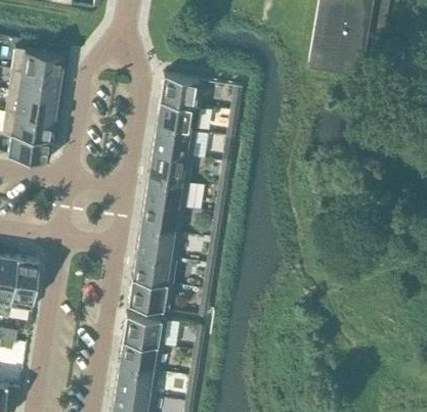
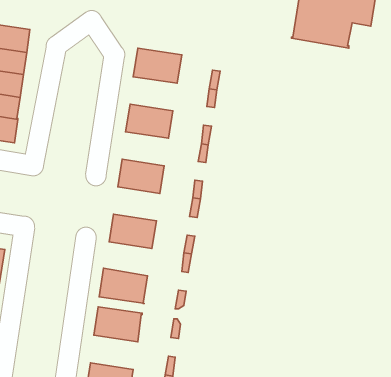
building: [156,99,200,131] -> none
building: [148,150,191,182] -> none
building: [140,201,183,233] -> none
building: [131,253,176,284] -> none
building: [119,339,163,371] -> none

